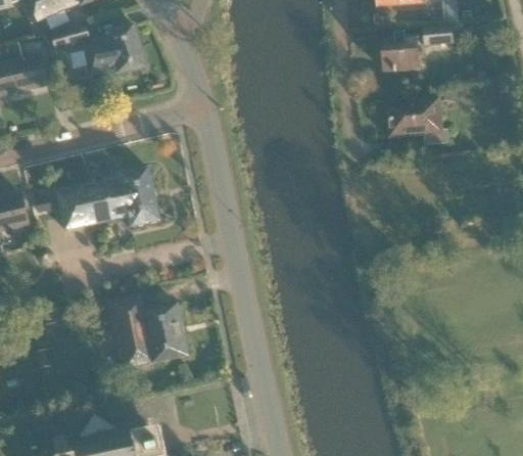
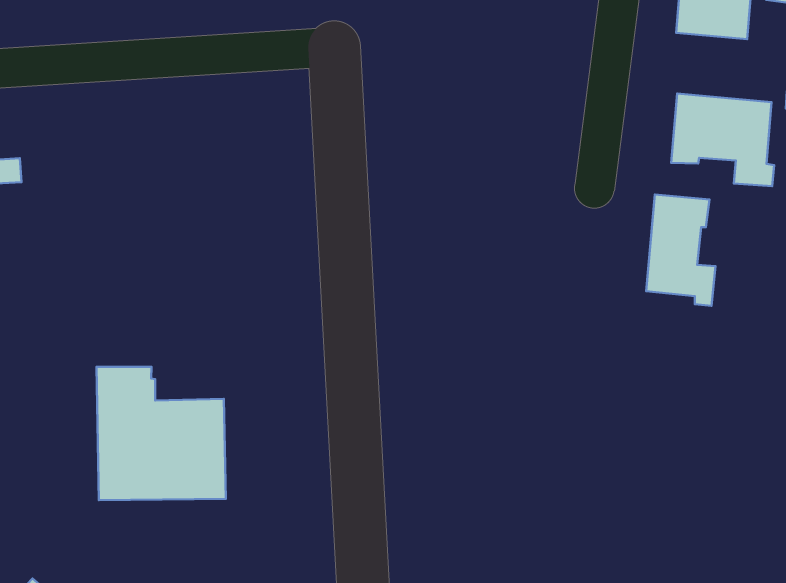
building: none -> [646,194,716,306]
building: [58,169,160,230] -> none

